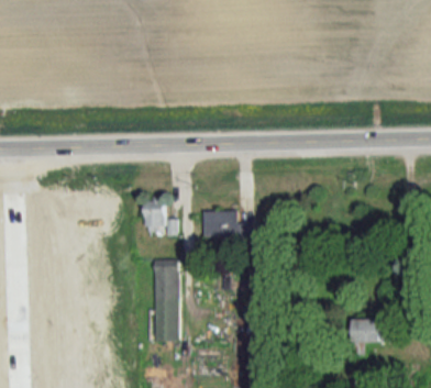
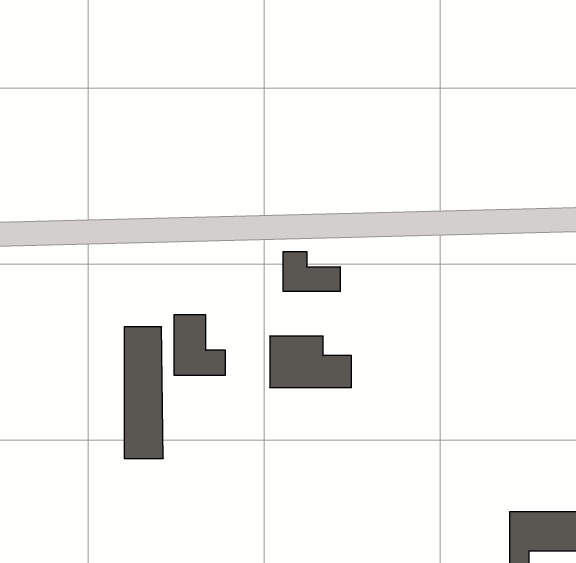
building: none -> [283,252,340,291]
building: [154,260,178,342] -> [124,327,163,458]

